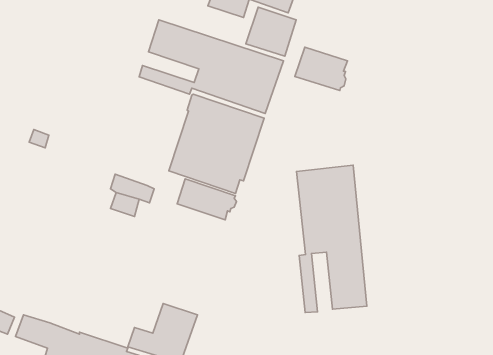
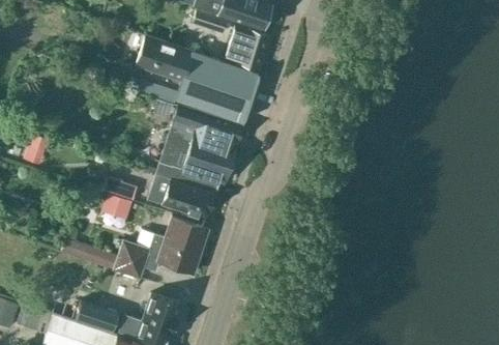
building: [295,47,347,91] -> none
building: [296,165,367,313] -> none
building: none -> [62,217,207,278]
building: none -> [75,299,124,334]

